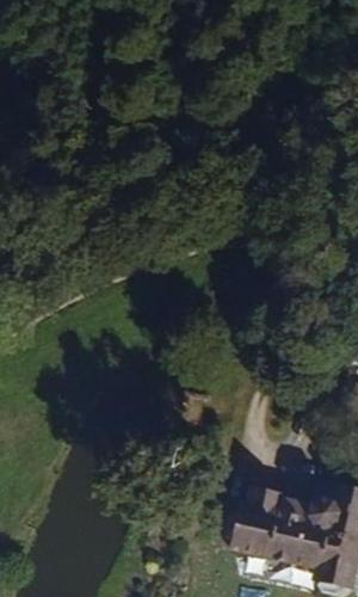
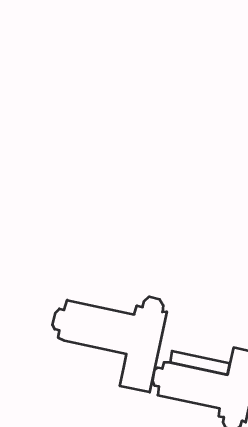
building: none -> [52,297,167,392]

